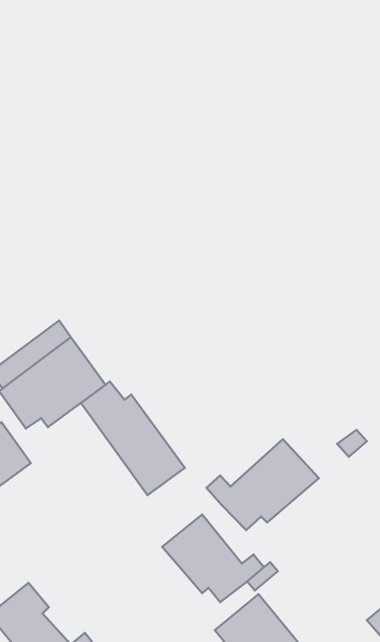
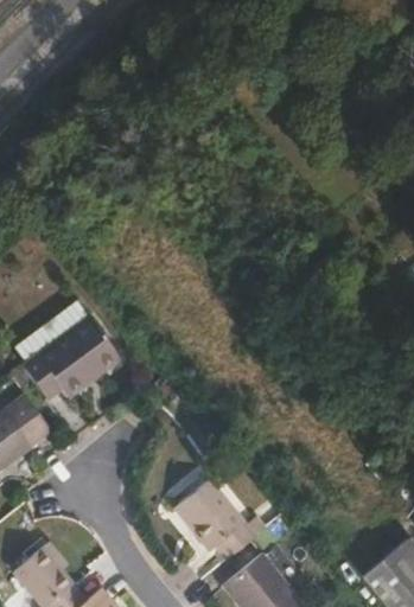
building: [81,381,185,495] -> none
building: [207,439,319,530] -> none

